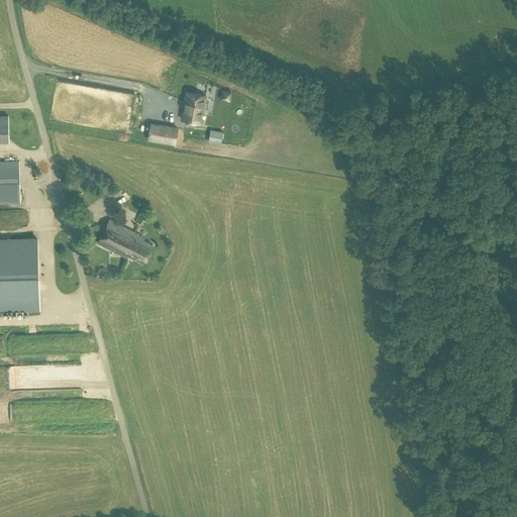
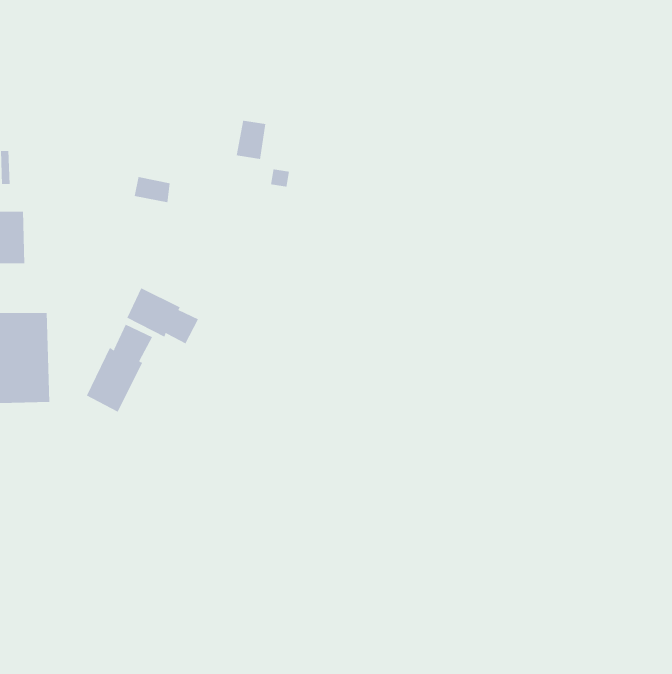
building: [147,123,176,143] -> [134,176,171,203]
building: none -> [86,324,153,412]

